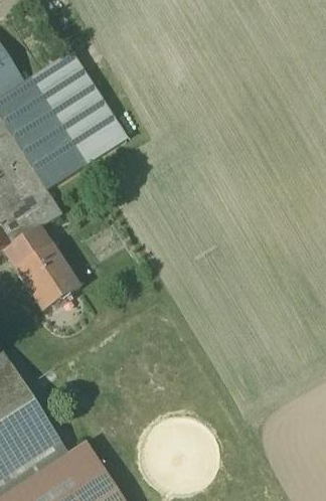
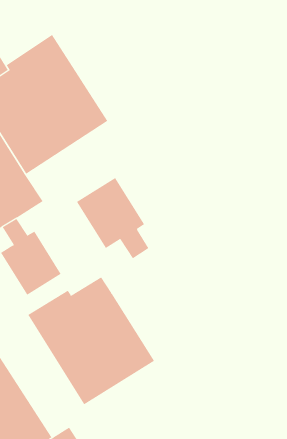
building: none -> [76,177,149,259]
building: none -> [27,277,155,405]

